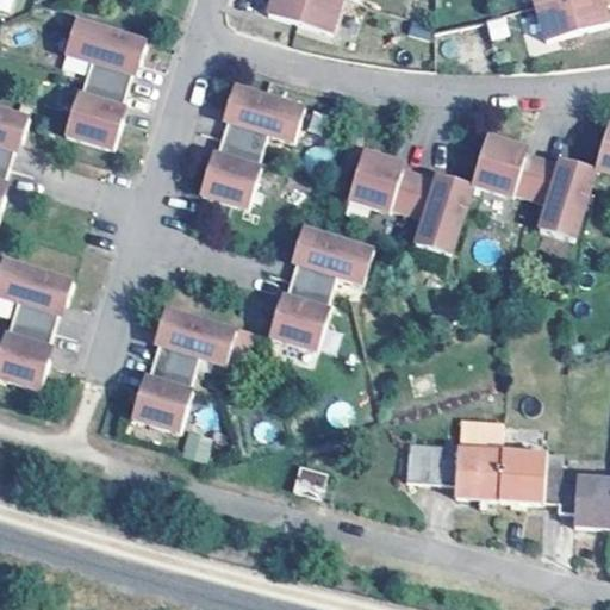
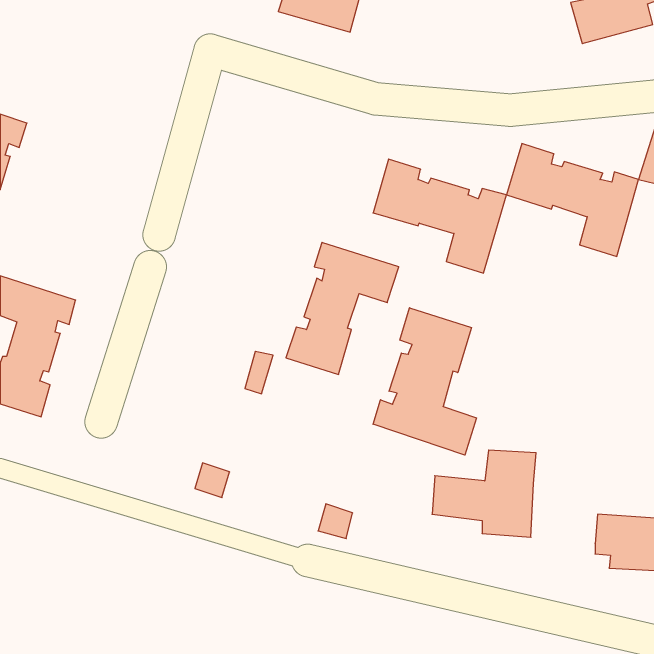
building: [63,15,144,147] -> none
building: [198,83,304,206] -> none
building: none -> [373,308,477,455]
building: [131,306,235,430] -> none
building: [494,449,556,505] -> none

